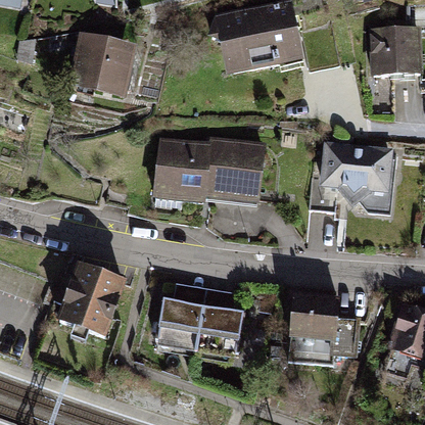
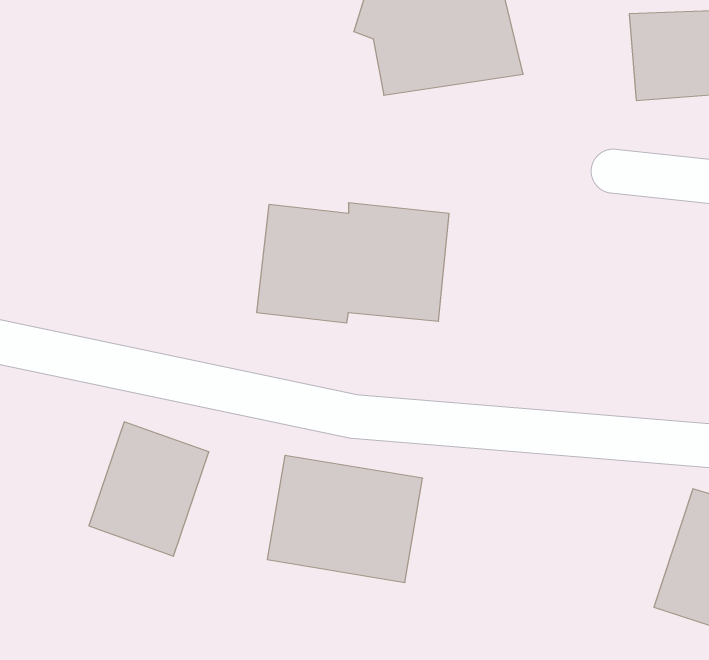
building: [70,31,134,96] -> none
building: [309,140,394,214] -> none
building: [289,291,358,367] -> none

